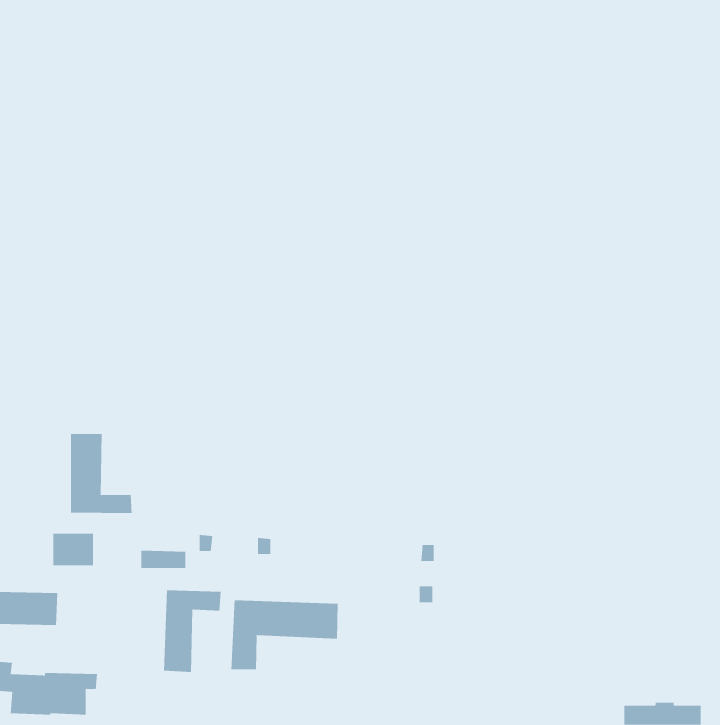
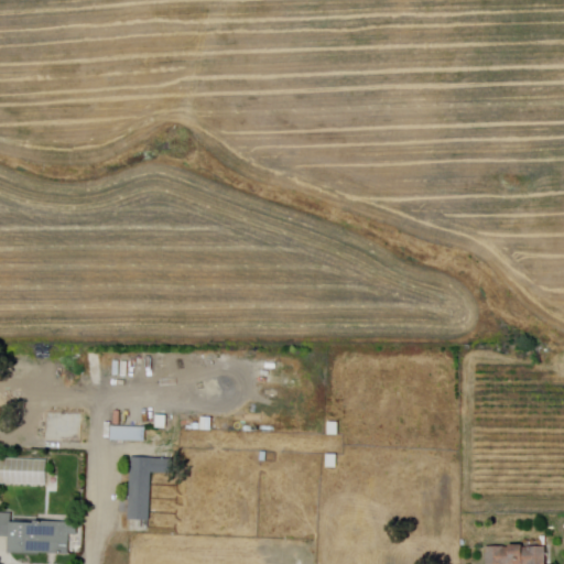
building: [70,433,132,514] -> none
building: [231,600,338,670] -> none

